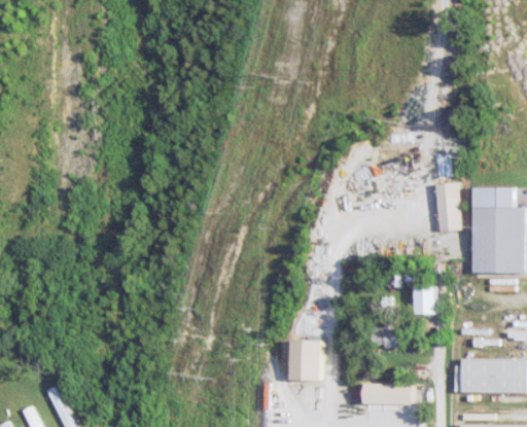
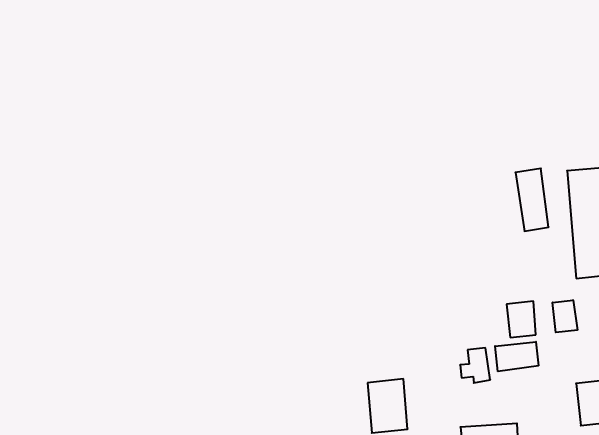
building: none -> [553,300,577,332]
building: none -> [495,342,538,371]

